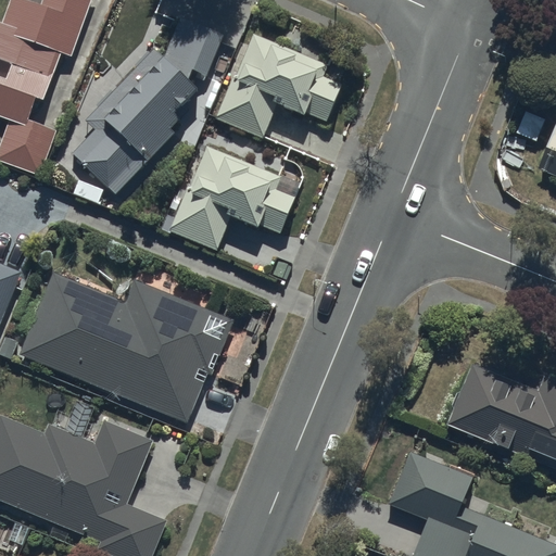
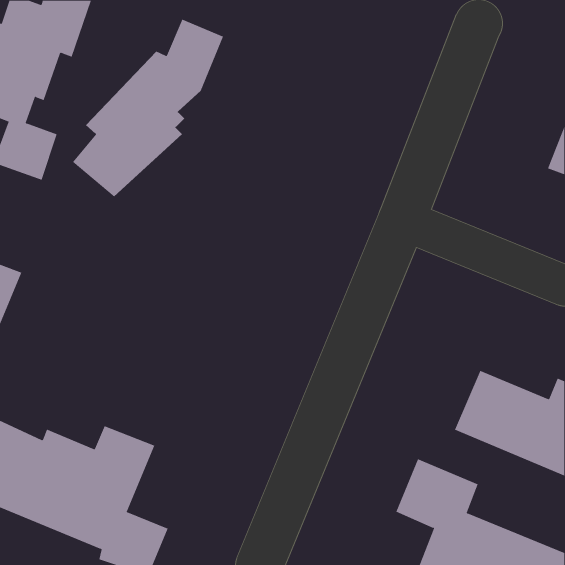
building: [215,33,340,138] -> none
building: [168,143,294,249] -> none
building: [18,273,233,422] -> none

